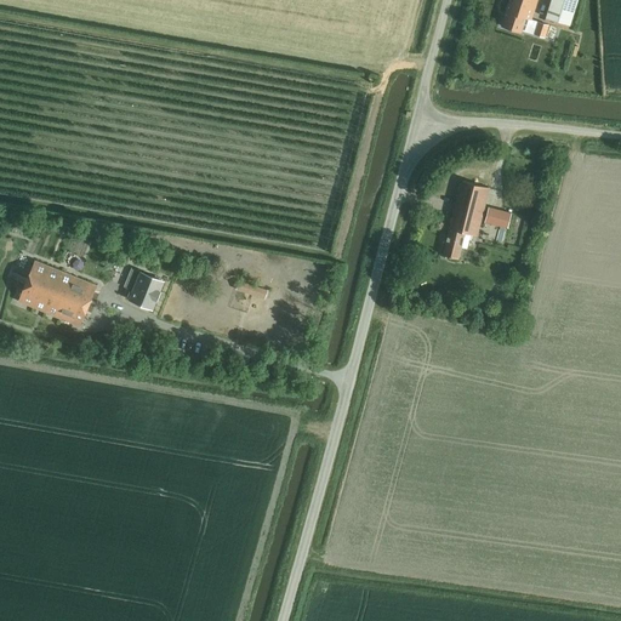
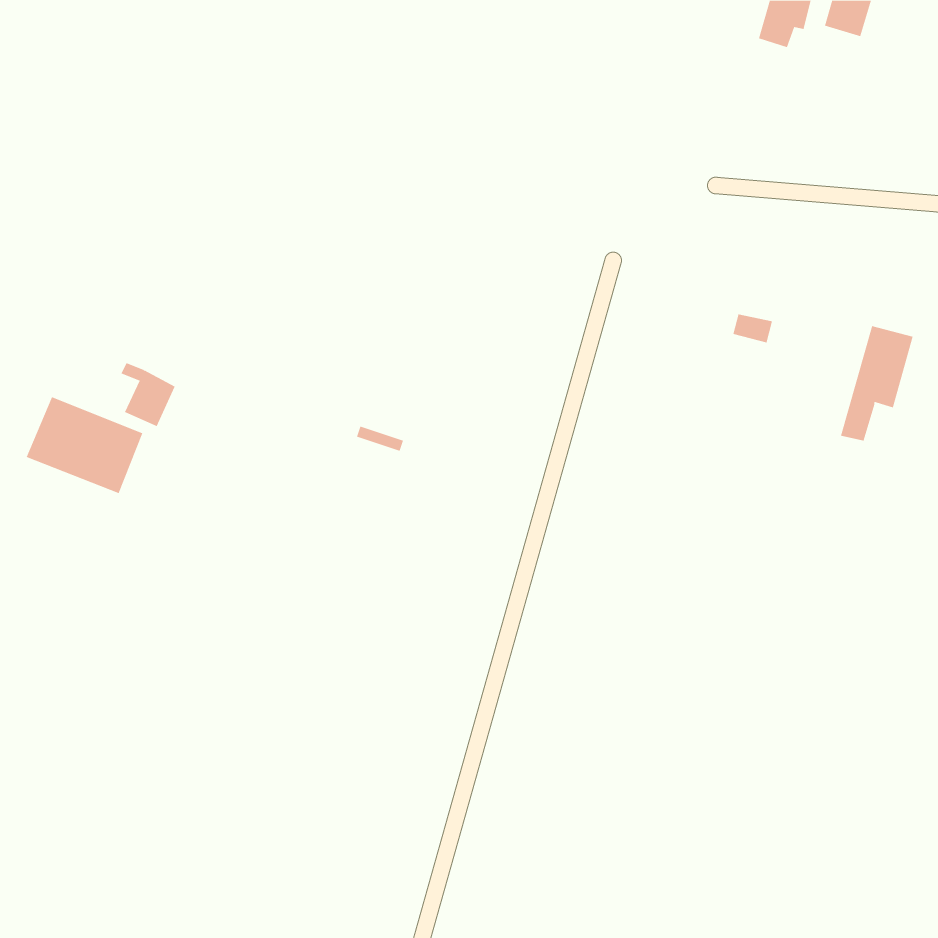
building: [441,181,490,257] -> [840,326,914,441]
building: [126,267,163,309] -> [121,363,176,427]

